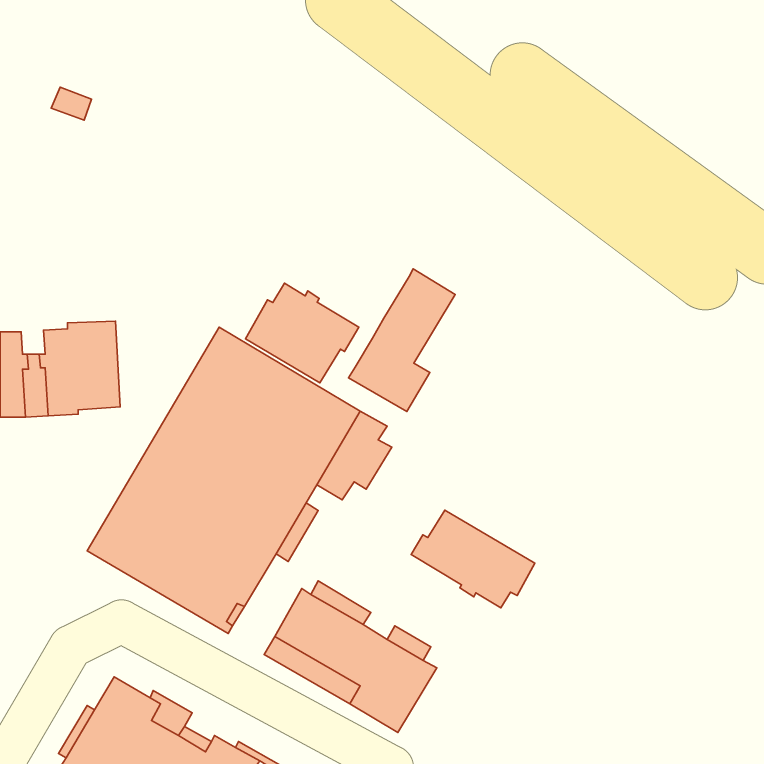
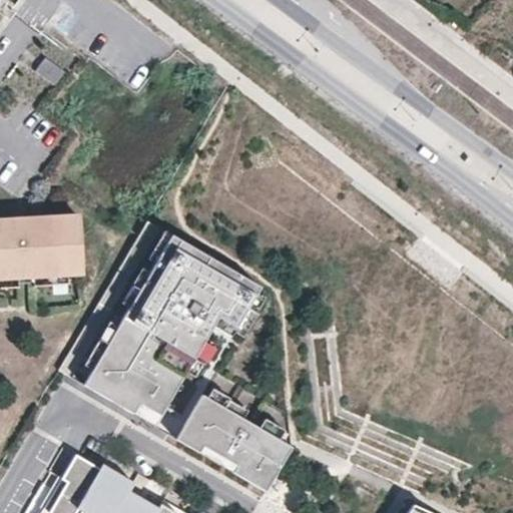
building: [349,269,455,412] -> none
building: [246,283,359,383] -> none
building: [411,510,535,608] -> none

